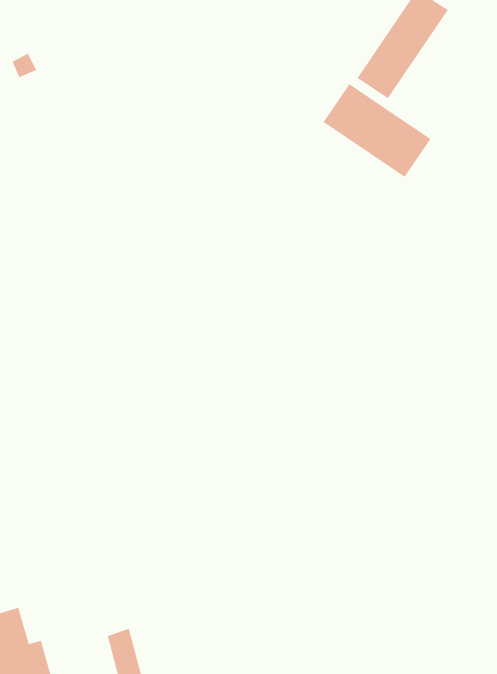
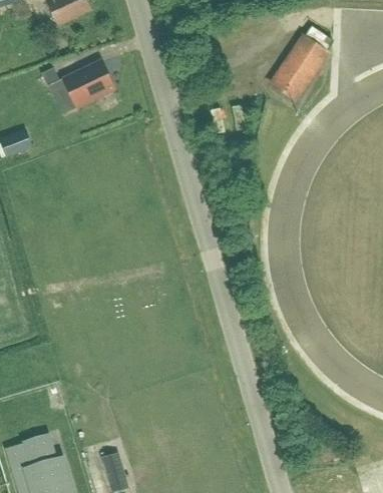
building: none -> [62,61,114,108]
building: [323,83,432,178] -> none

